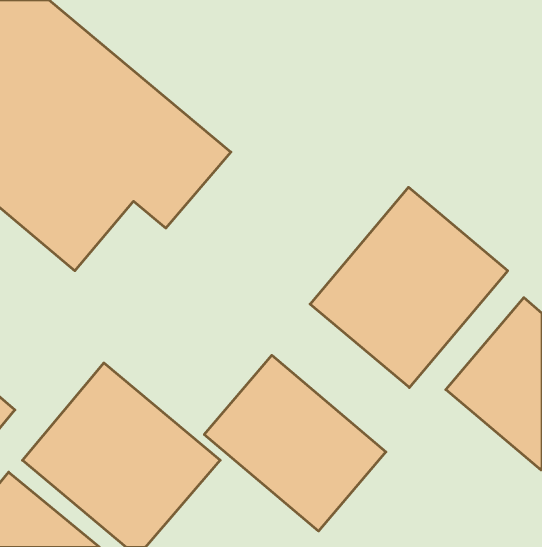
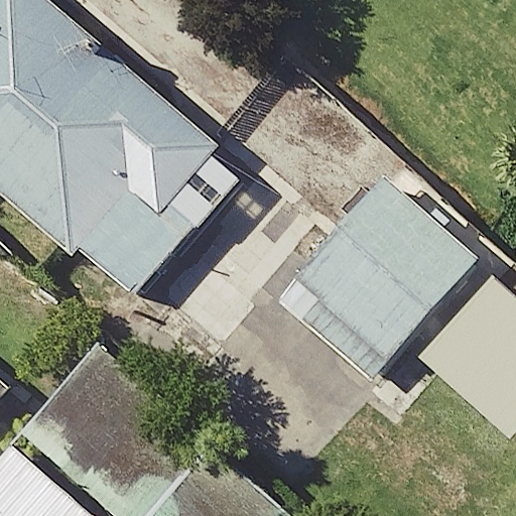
building: [204,355,386,531] -> none

